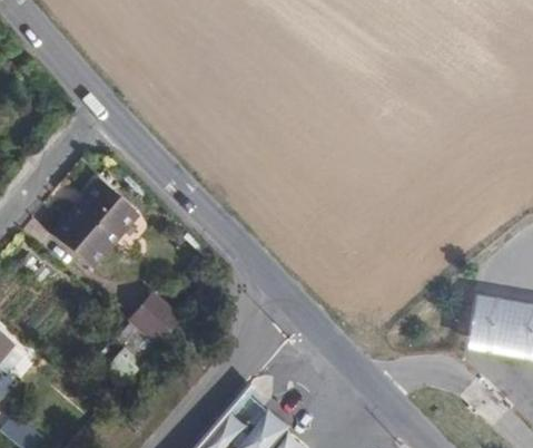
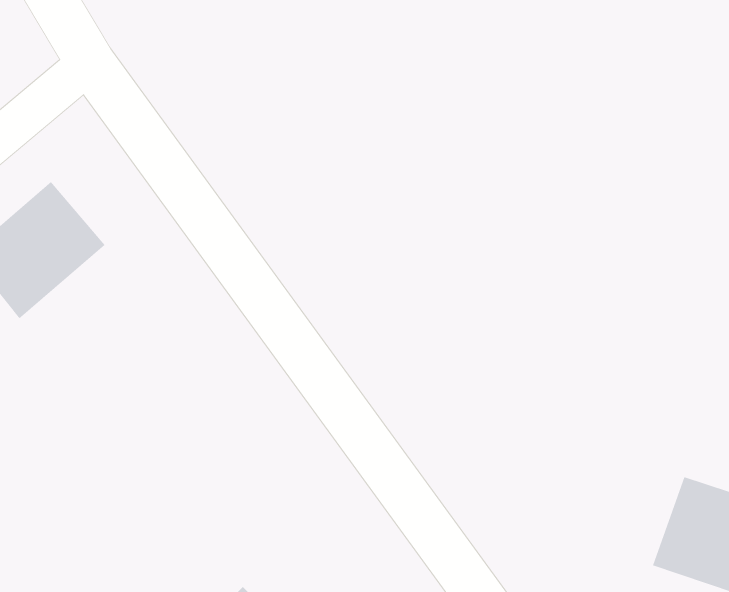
building: [127,291,178,342] -> none

